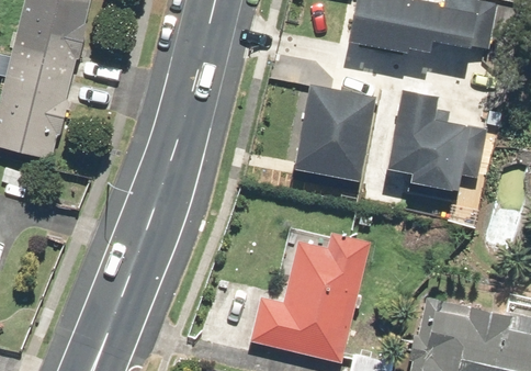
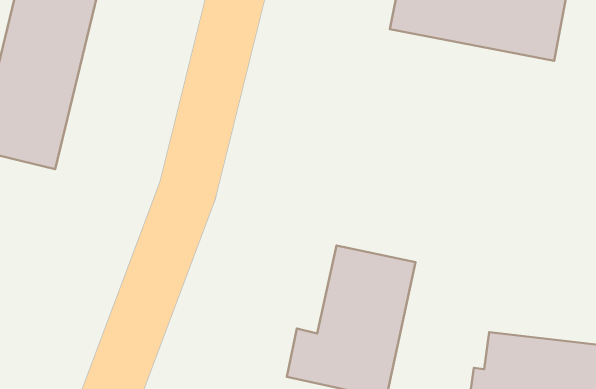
building: [292,86,372,180] -> none
building: [386,90,490,189] -> none

